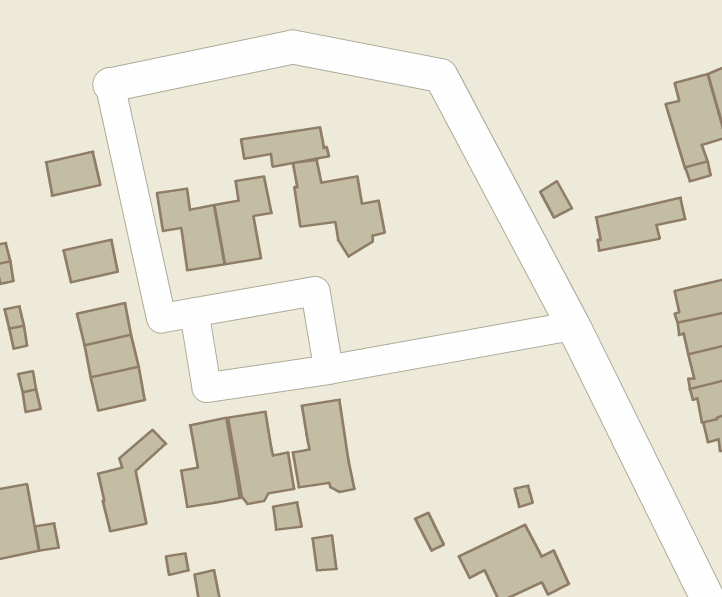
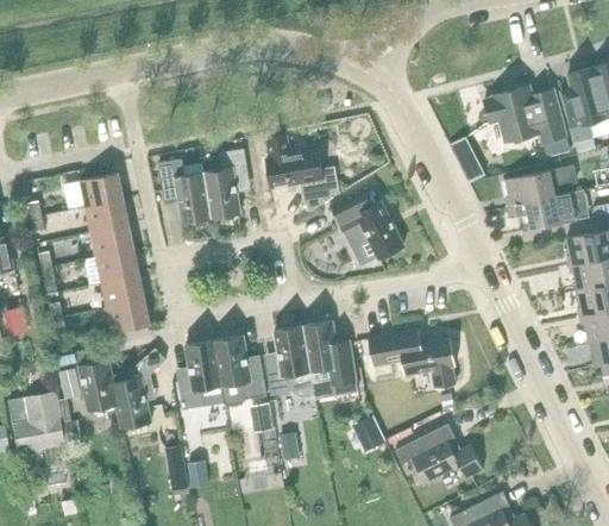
building: none -> [483,87,569,157]
building: [241,127,329,167] -> none
building: [46,152,100,196] -> [80,173,123,207]
building: none -> [331,189,404,259]
building: none -> [507,190,586,228]
building: none -> [90,224,133,257]
building: none -> [303,320,356,395]
building: none -> [370,330,457,387]
building: none -> [56,349,117,411]

